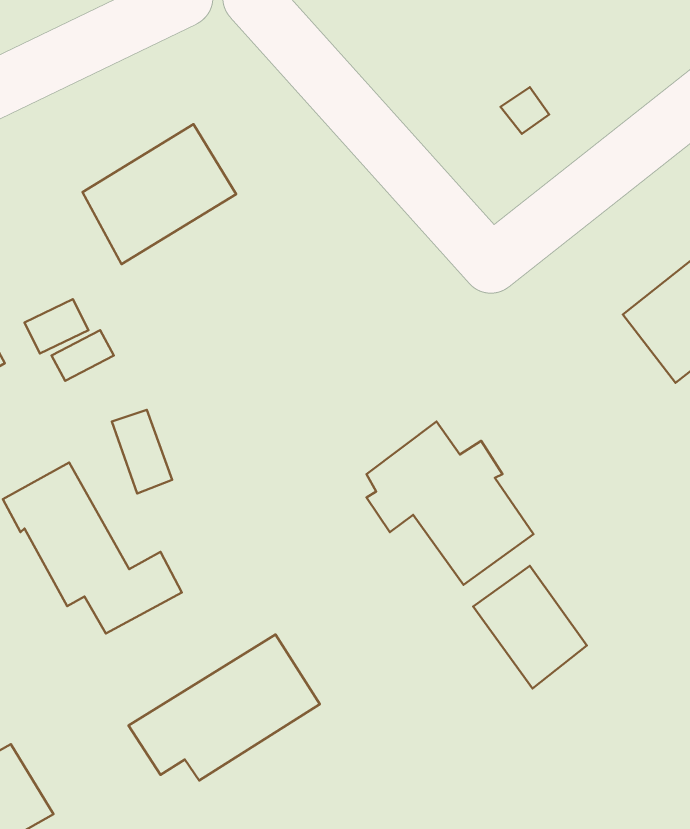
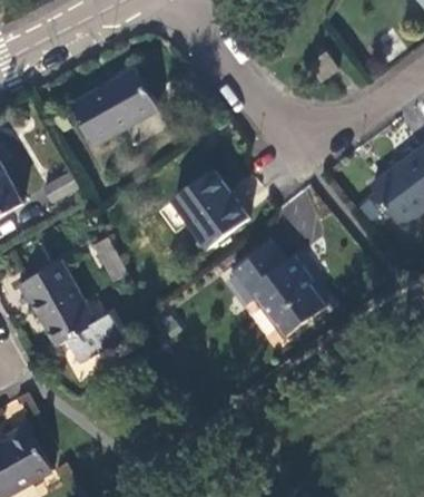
building: none -> [174,168,244,246]
building: [473,566,587,689] -> none
building: [129,635,320,780] -> none

